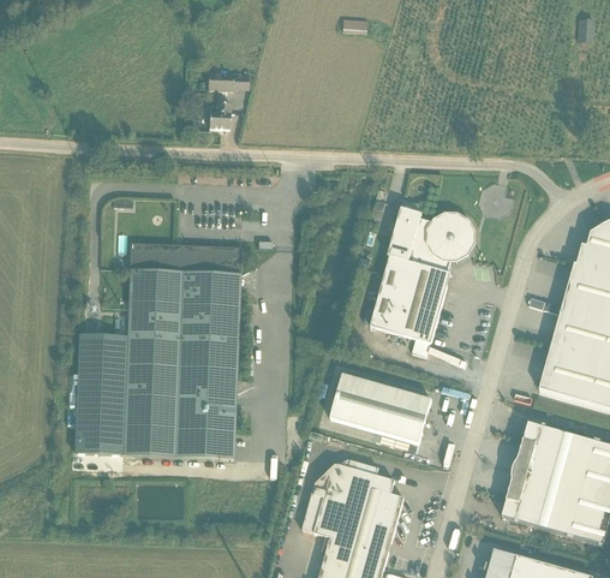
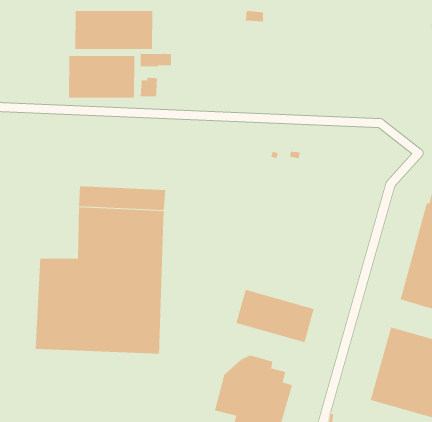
building: none -> [75,10,153,50]
building: none -> [69,55,135,98]
building: [371,208,476,357] -> none

